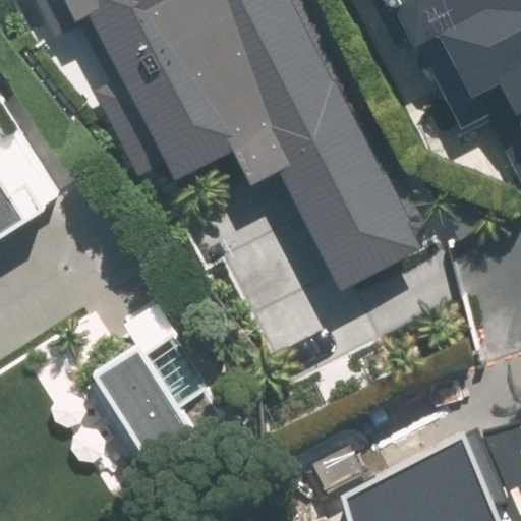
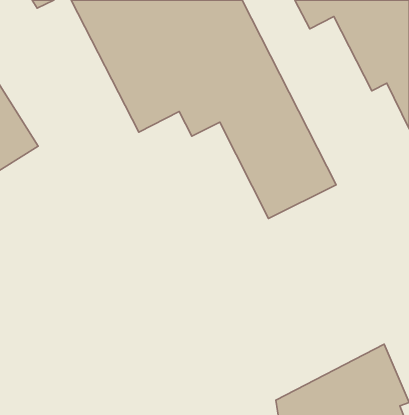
building: [93,328,205,462] -> none

